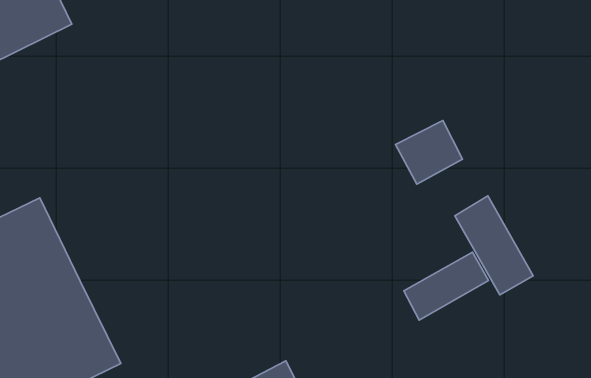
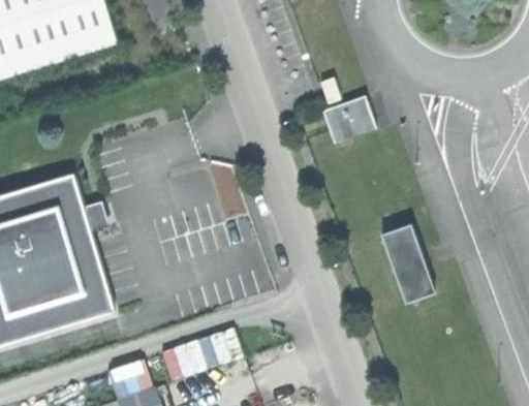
building: [395,121,462,184] -> [320,94,370,139]
building: [404,252,489,320] -> none

